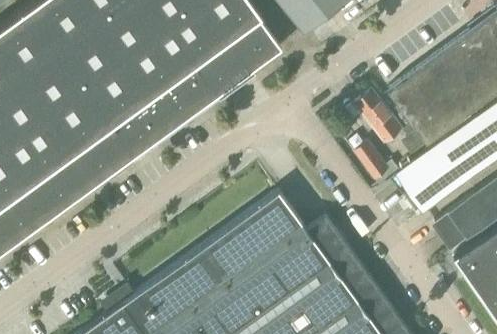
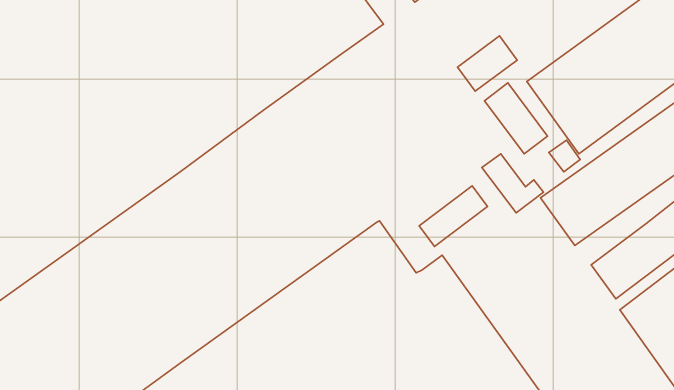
building: none -> [458,36,517,91]
building: none -> [419,186,487,247]

